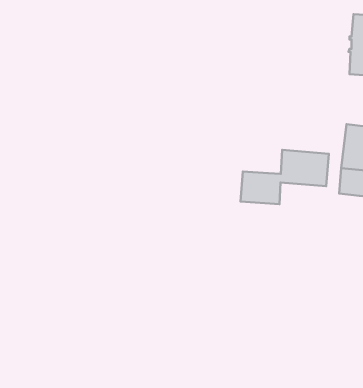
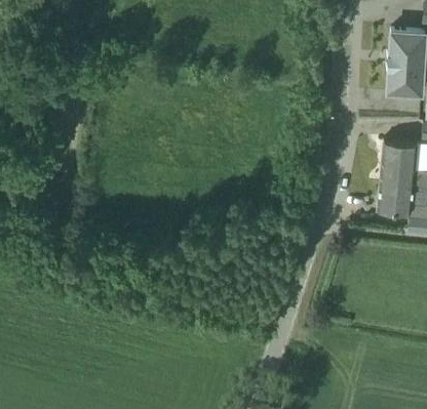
building: [240,150,329,204] -> none

